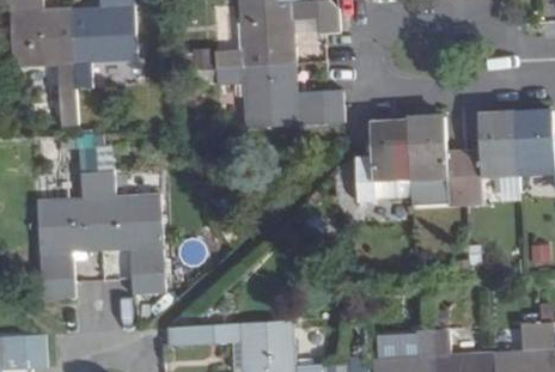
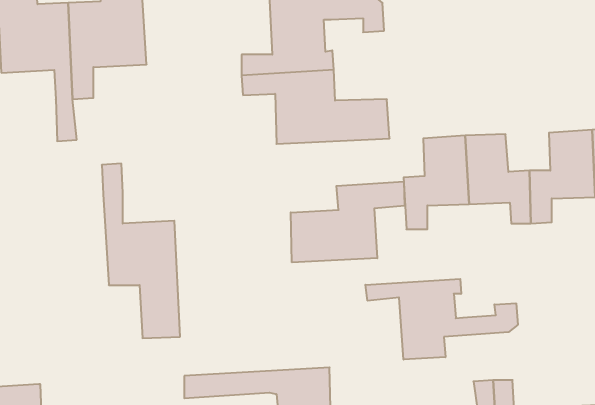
building: [37,146,103,299] -> none
building: none -> [291,182,404,262]
building: none -> [365,279,518,360]

